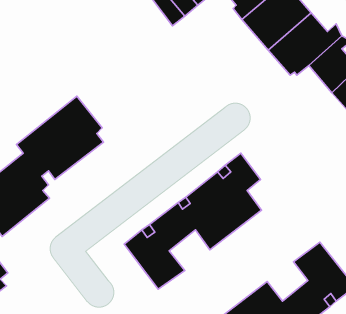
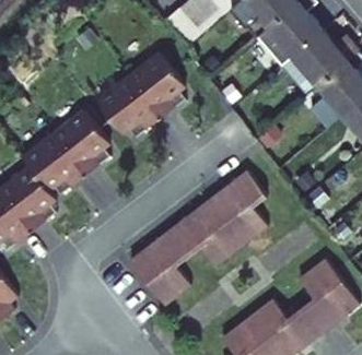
building: none -> [96,54,184,138]

